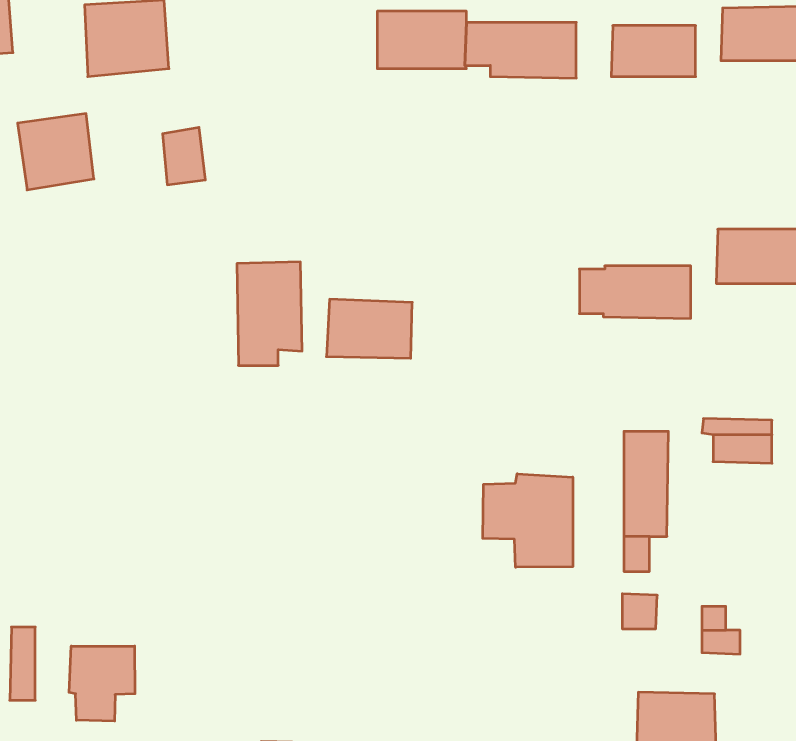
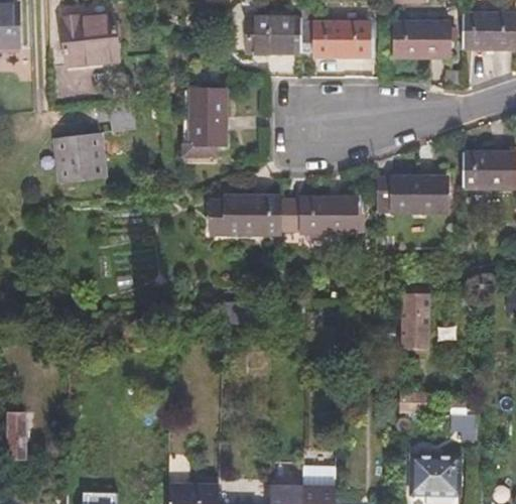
building: [18,114,94,190] -> [57,129,106,177]
building: [237,262,302,365] -> [185,83,227,148]
building: none -> [278,200,354,239]
building: [483,474,573,567] -> none
building: [69,646,135,721] -> none

